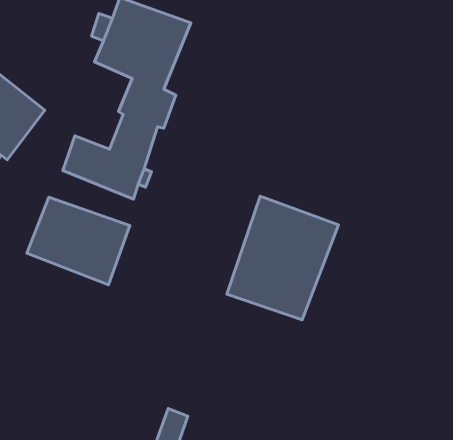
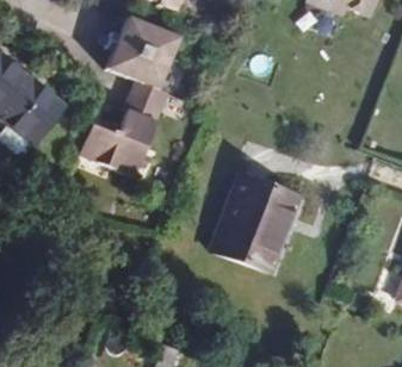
building: [27,197,130,285] -> none

